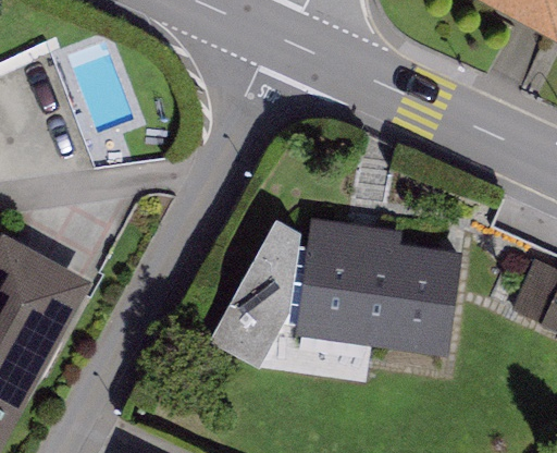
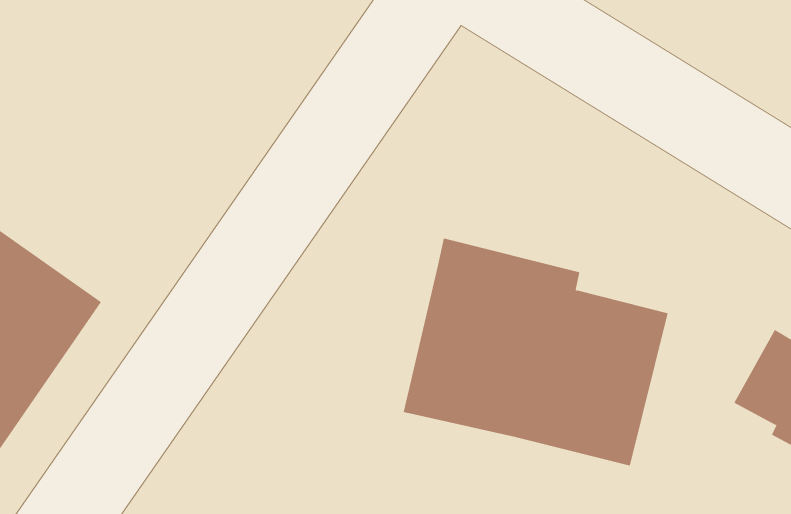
building: [207,223,369,376] -> none

